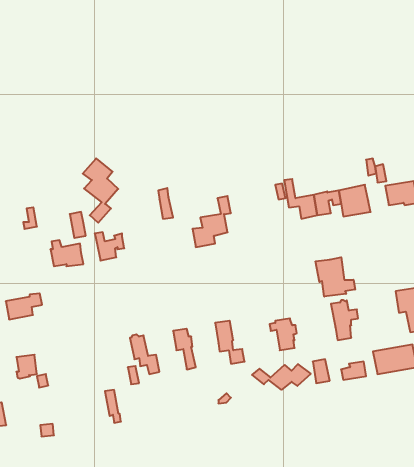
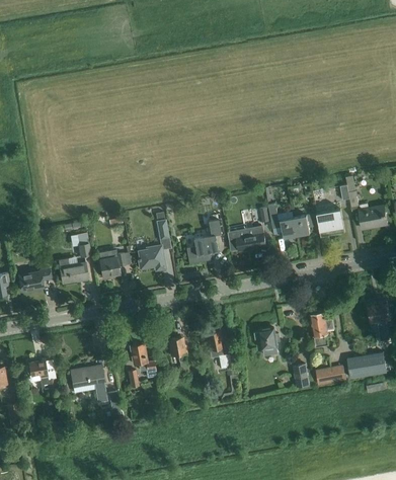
building: [83,158,118,223] -> none
building: none -> [227,231,265,252]
building: none -> [137,245,165,270]
building: [316,257,355,297] -> none
building: [6,293,42,319] -> [18,268,51,292]
building: none -> [69,366,106,402]
building: [252,364,311,390] -> none

